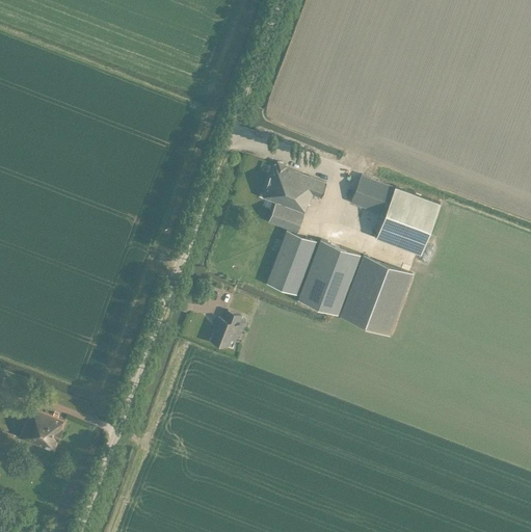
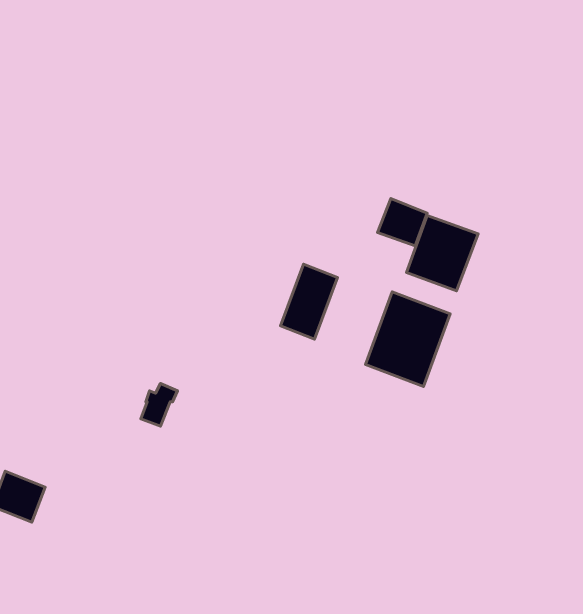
building: [263,164,326,234] -> none
building: [297,240,361,316] -> none
building: [211,312,242,348] -> [141,384,177,426]

